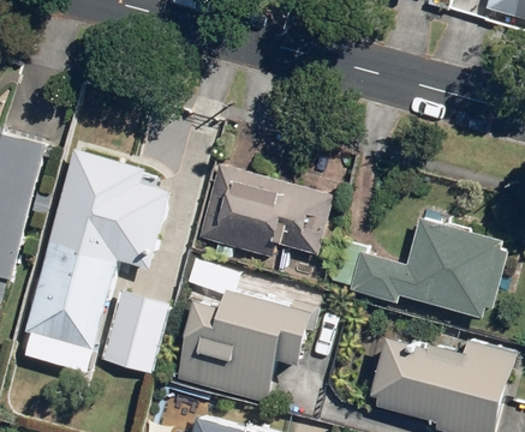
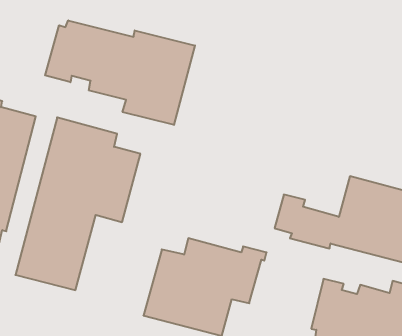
building: none -> [45,20,195,125]
building: [197,163,334,256] -> none
building: [103,293,169,371] -> none

